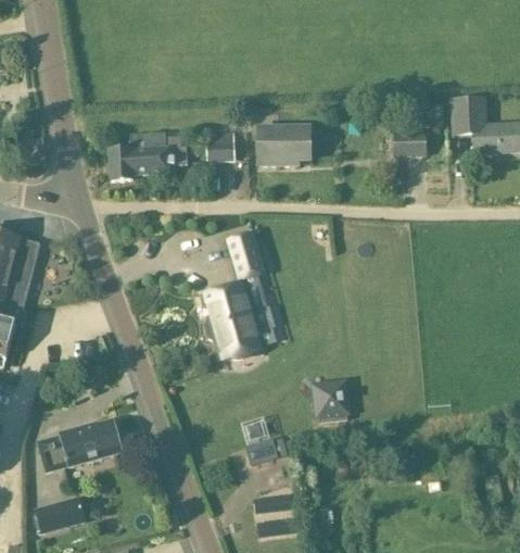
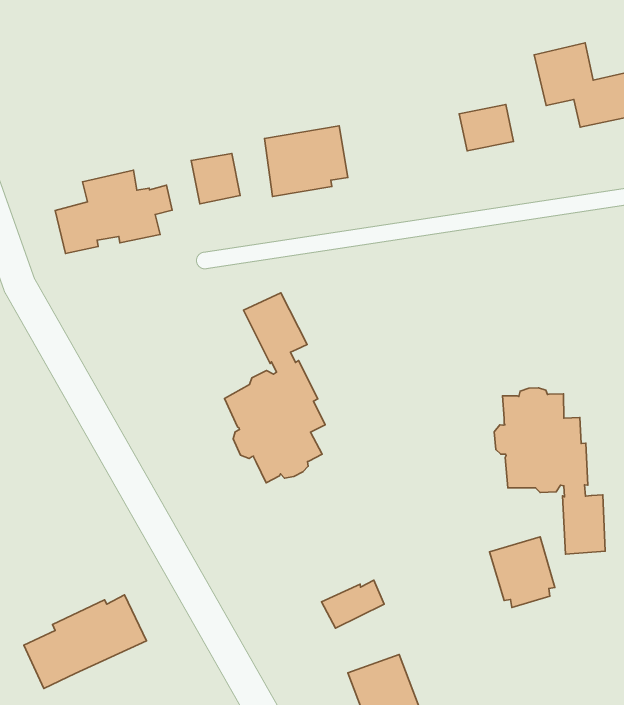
building: none -> [494,388,605,554]
building: [310,377,351,422] -> [490,537,555,607]

